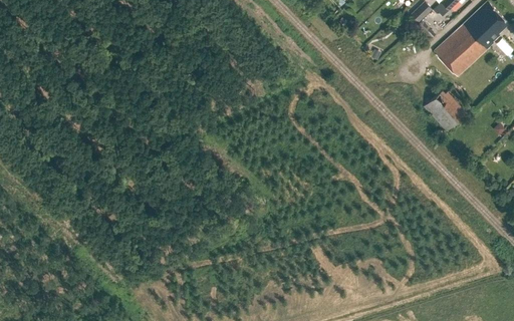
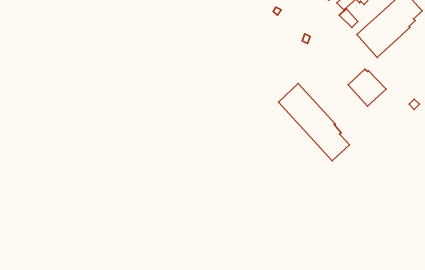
building: none -> [278,83,349,161]

